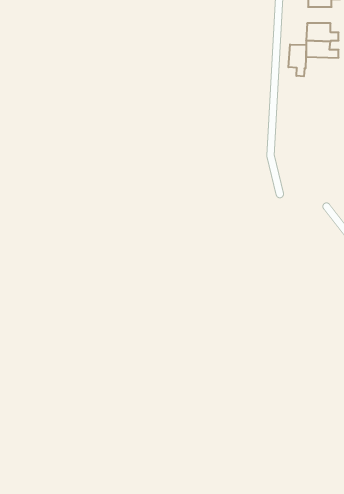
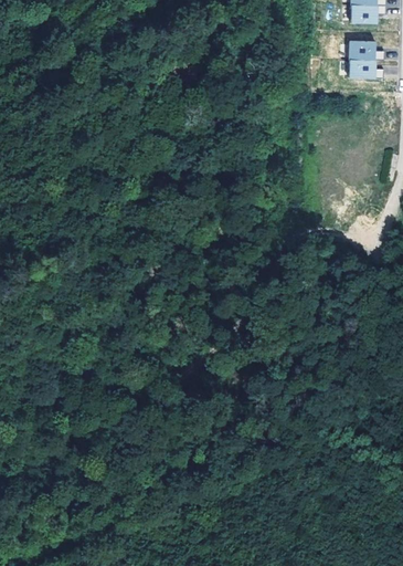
building: [288,44,306,76] -> none

